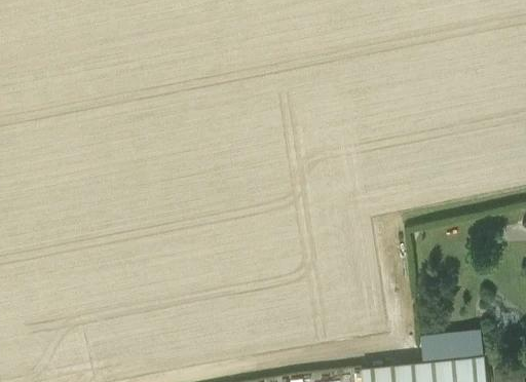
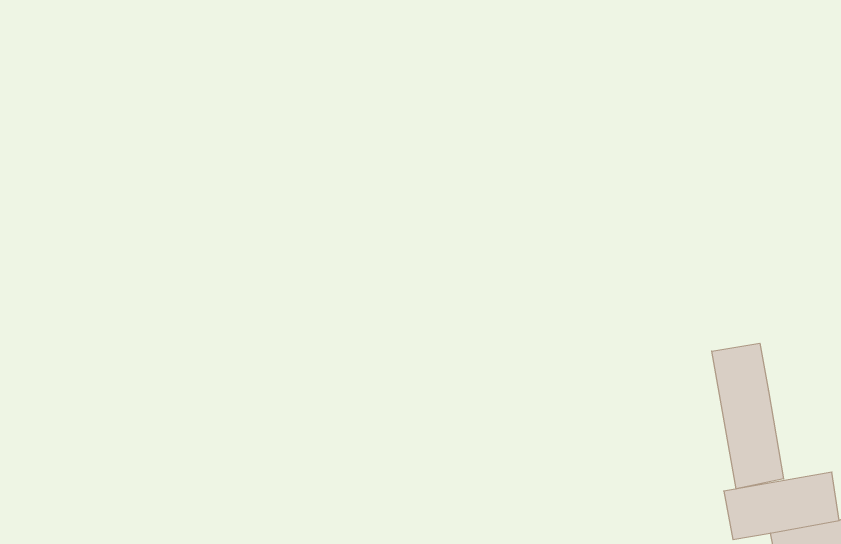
building: none -> [712,343,784,489]

